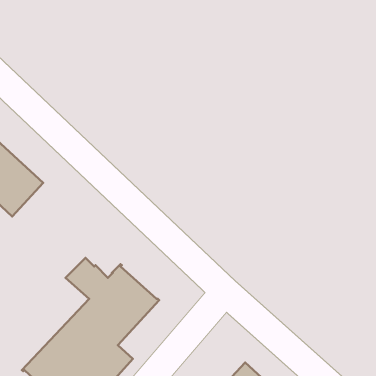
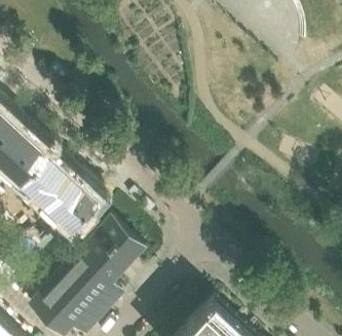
building: none -> [23,156,98,229]

